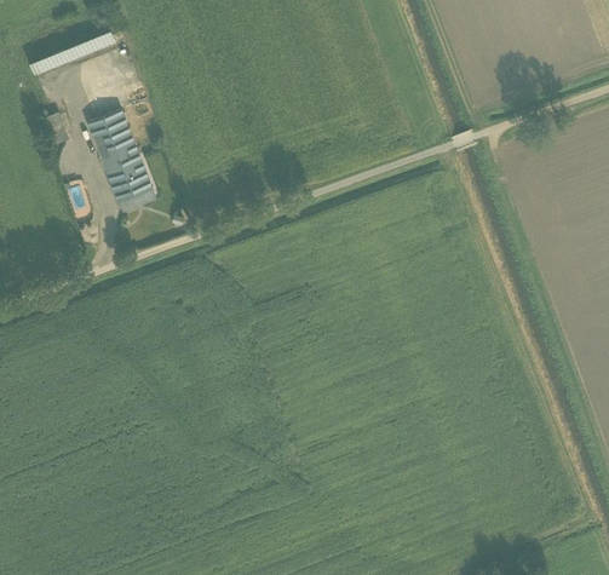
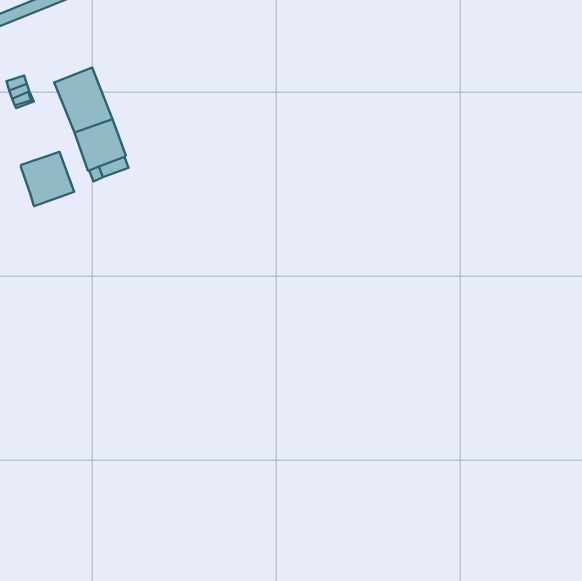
building: none -> [21,152,74,206]

